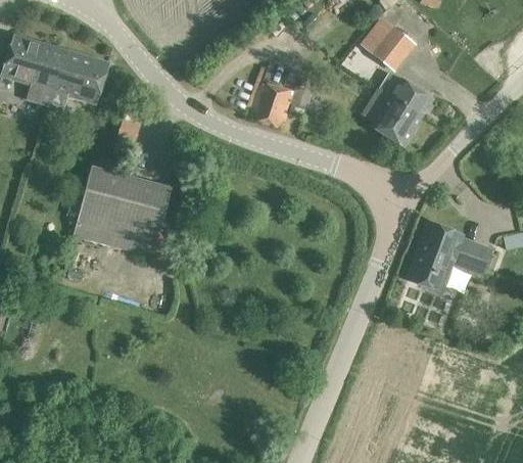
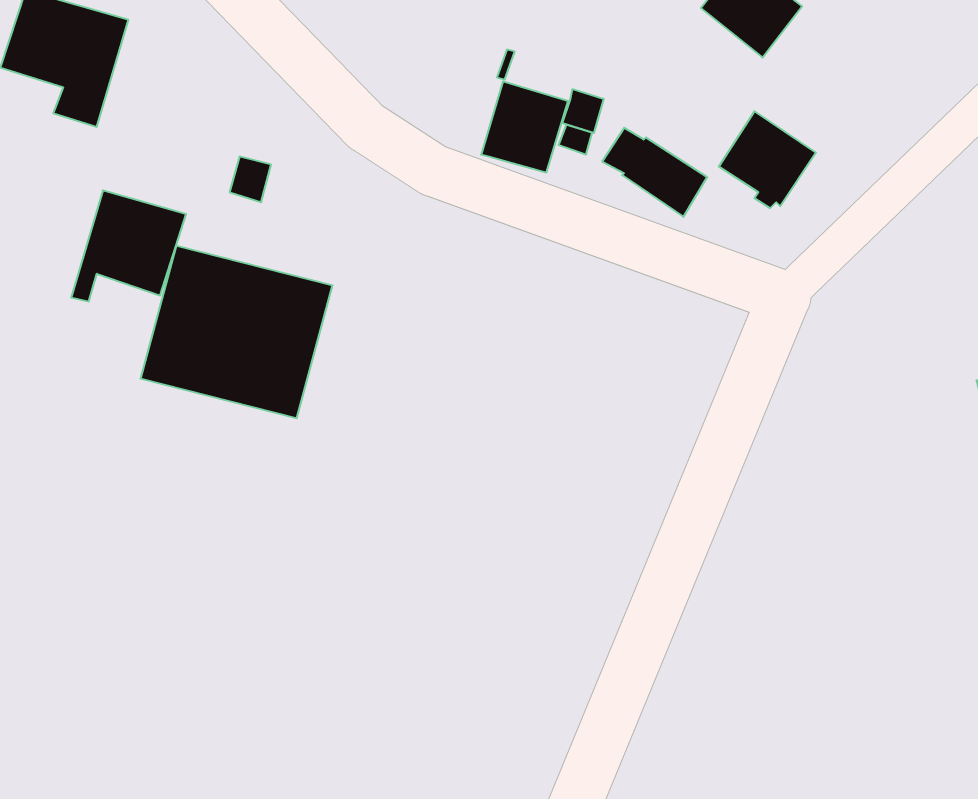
building: [50,50,109,107] -> [71,190,186,301]
building: [379,73,433,119] -> [602,128,707,217]
building: [406,221,492,291] -> none

